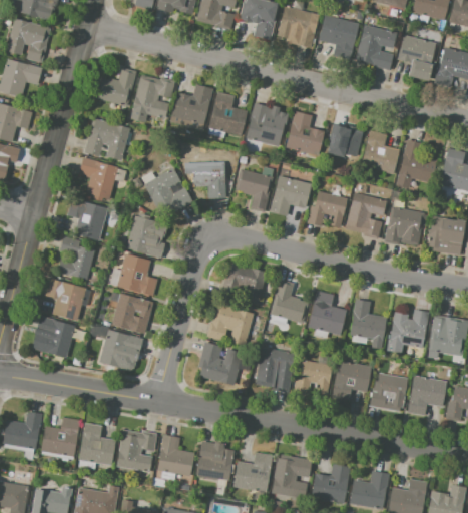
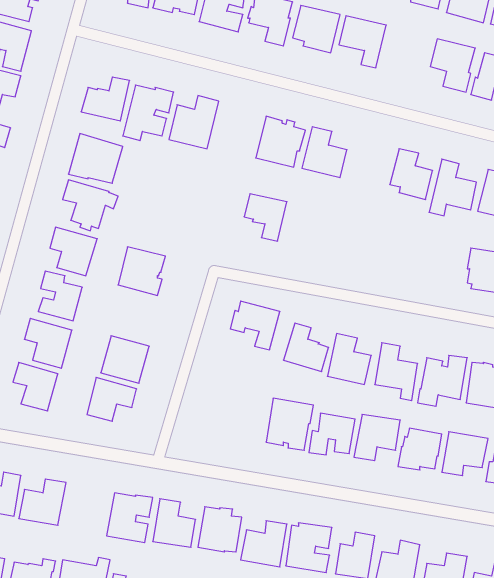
building: [355,24,397,70] -> none
building: [208,92,248,136] -> none
building: [328,122,363,162] -> none
building: [190,162,225,198] -> none
building: [143,168,191,215] -> none
building: [268,174,310,215] -> none
building: [306,191,347,227] -> none
building: [345,191,385,238] -> none
building: [383,206,426,245] -> none
building: [116,253,157,296] -> none
building: [205,304,253,347] -> none
building: [197,342,242,385] -> none
building: [78,423,116,465] -> none

